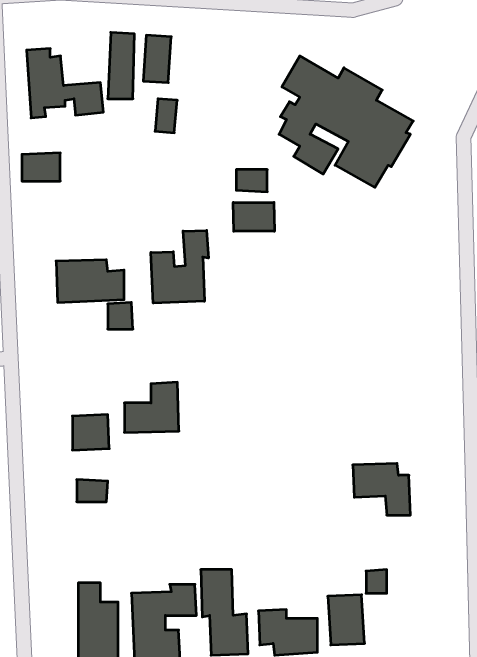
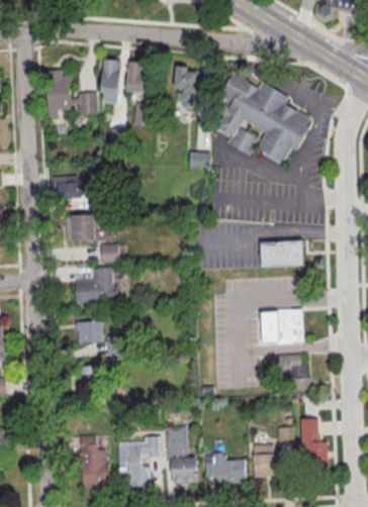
building: none -> [174,66,198,108]
building: [22,153,60,181] -> [54,178,80,197]
building: [233,202,274,231] -> none
building: [151,230,208,303] -> none
building: none -> [261,242,303,268]
building: [124,382,179,432] -> [75,267,112,301]
building: none -> [262,310,304,344]
building: none -> [300,418,328,468]

